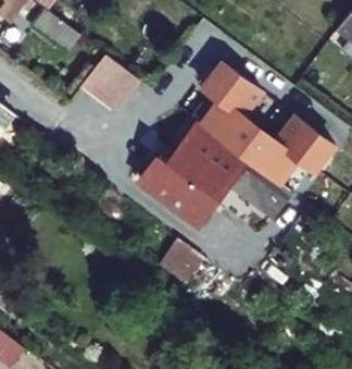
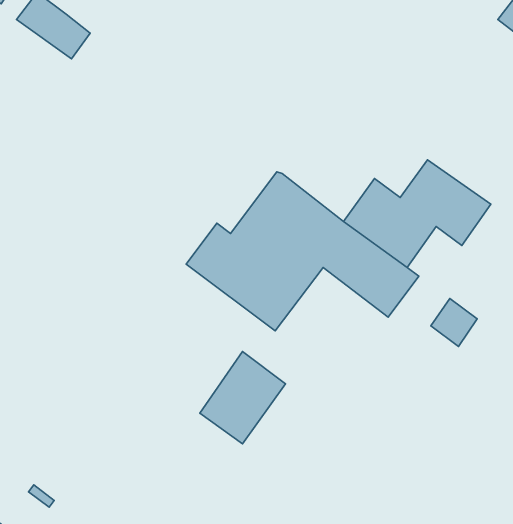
building: [74,54,139,122] -> none
building: [201,63,261,156] -> none

